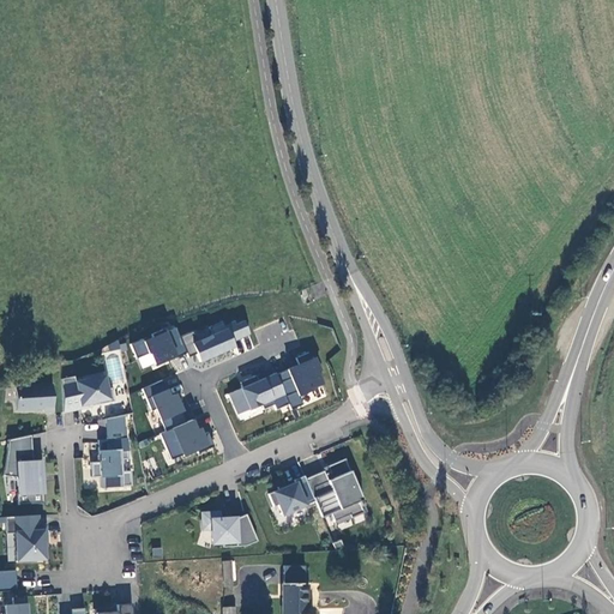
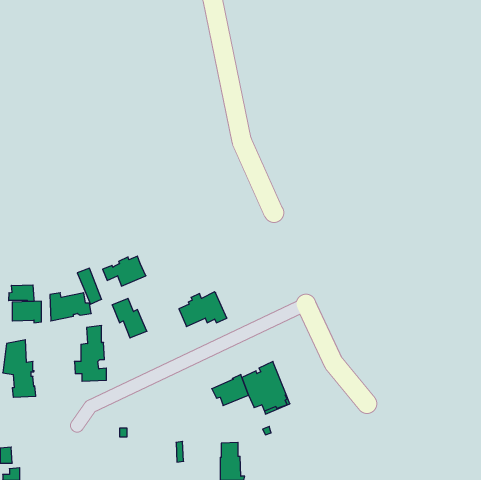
building: [179,320,248,361] -> none
building: [275,351,321,411] -> none
building: none -> [9,285,34,301]
building: [159,420,213,460] -> none
building: [203,510,258,544] -> none
building: [5,514,47,560] -> none

